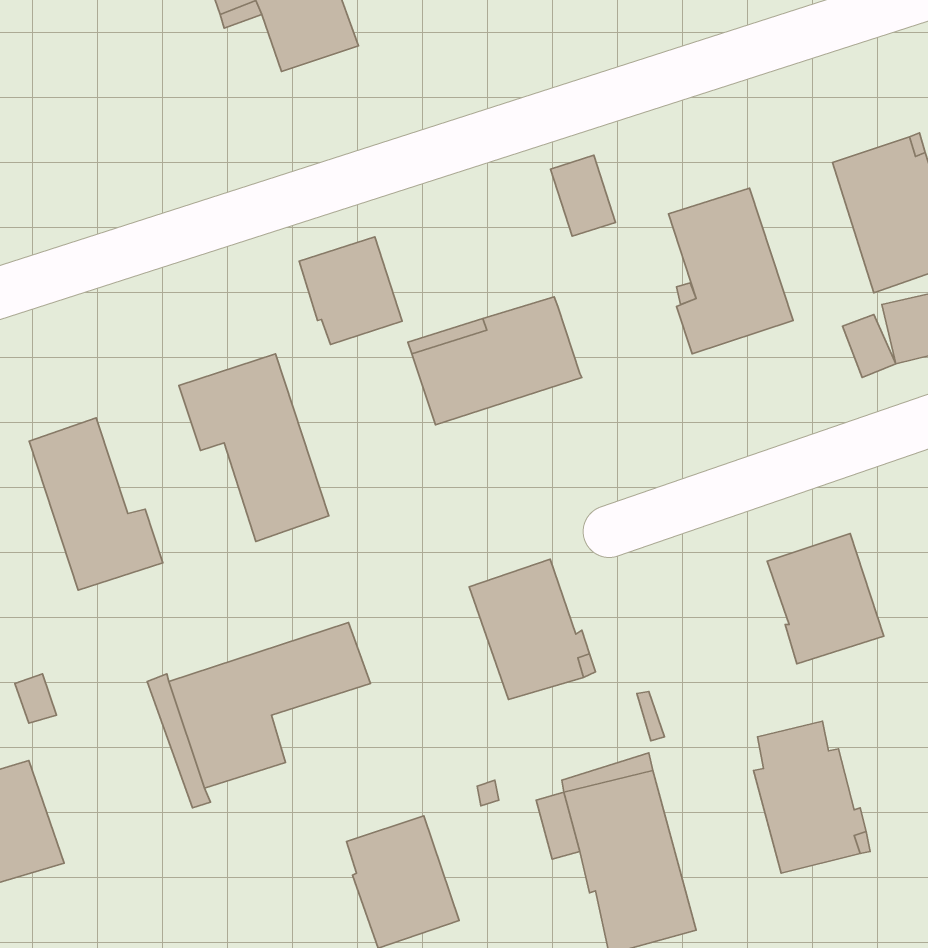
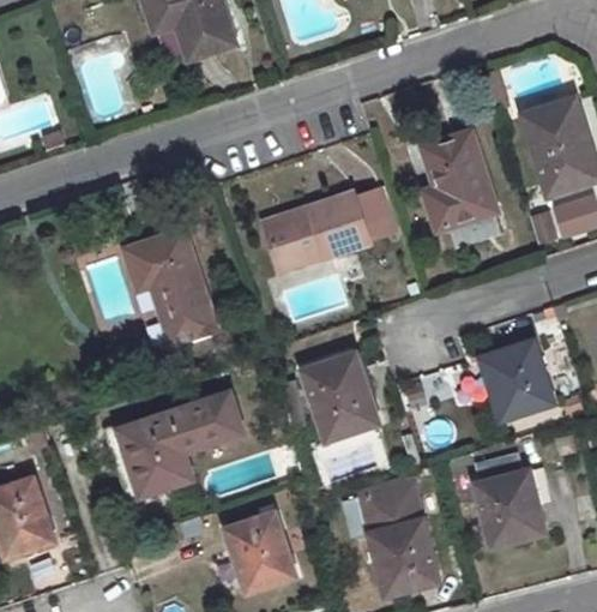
building: [550,155,616,236] -> [356,193,396,242]
building: [299,237,402,345] -> none
building: [29,418,163,590] -> none

